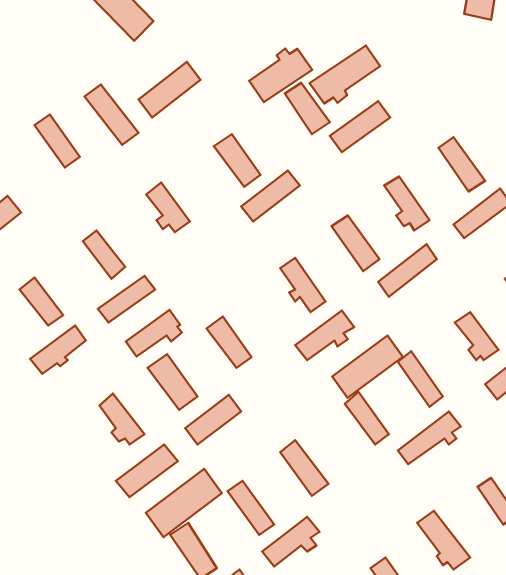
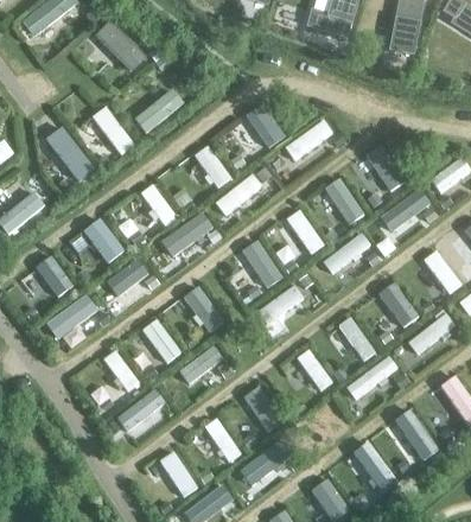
building: [310,46,380,104] -> none
building: [249,48,312,102] -> none
building: [126,310,182,357] -> [157,218,201,255]
building: [332,335,403,398] -> none
building: [146,469,222,537] -> none

